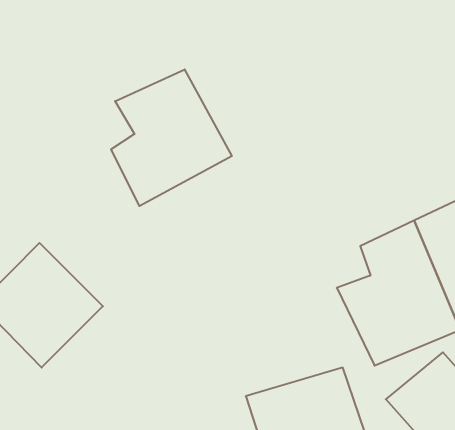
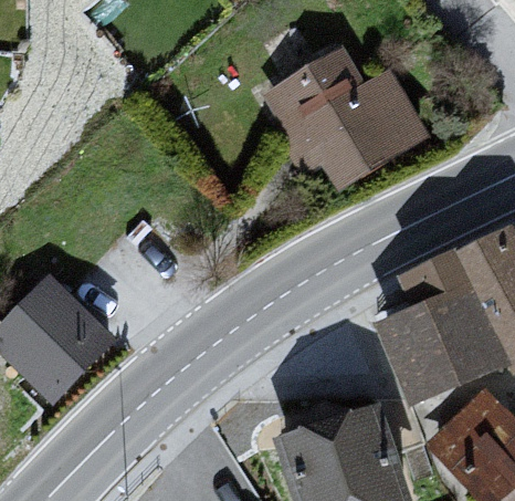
building: none -> [259,42,430,189]
building: [111,69,232,206] -> none

